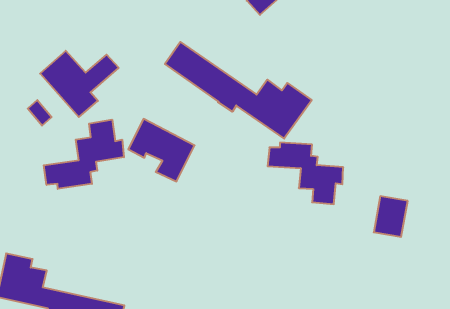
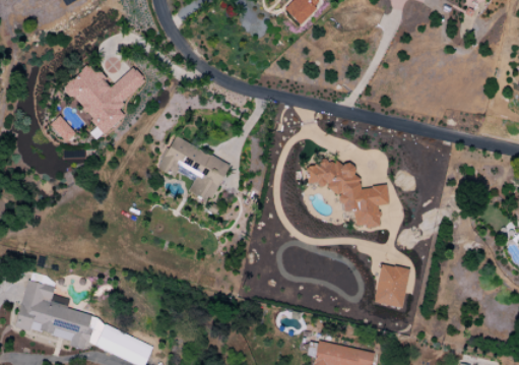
building: [165,42,312,139] -> none
building: [44,120,124,189] -> none
building: [374,196,408,237] -> [373,264,409,308]

